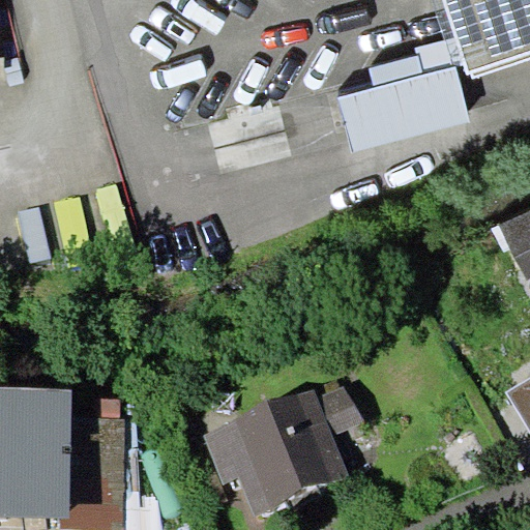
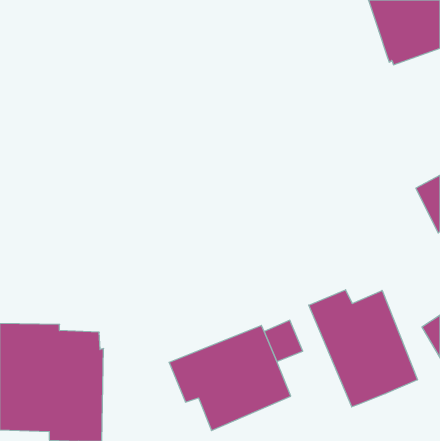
building: [338,37,469,150] -> none
building: none -> [309,290,417,407]

